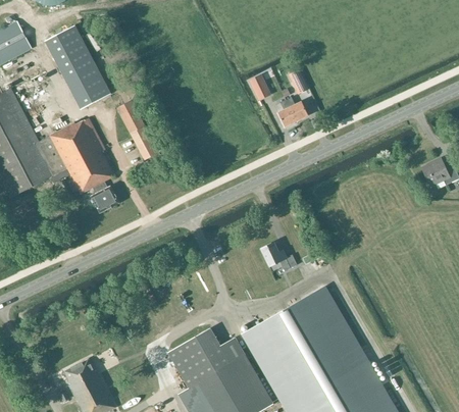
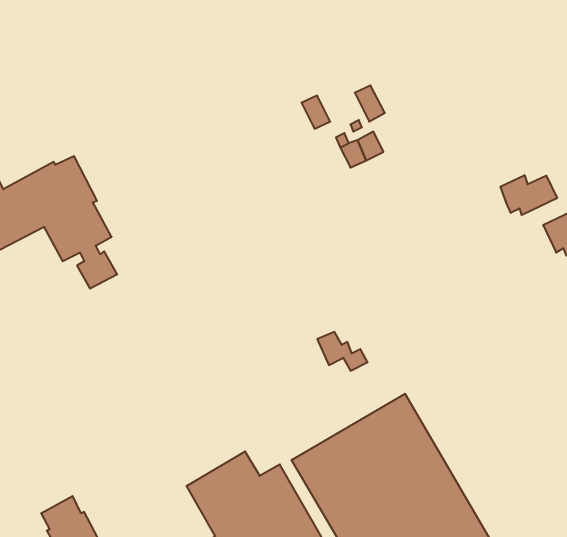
building: [45,25,110,109] -> none
building: [116,100,157,160] -> none
building: none -> [500,175,557,215]

